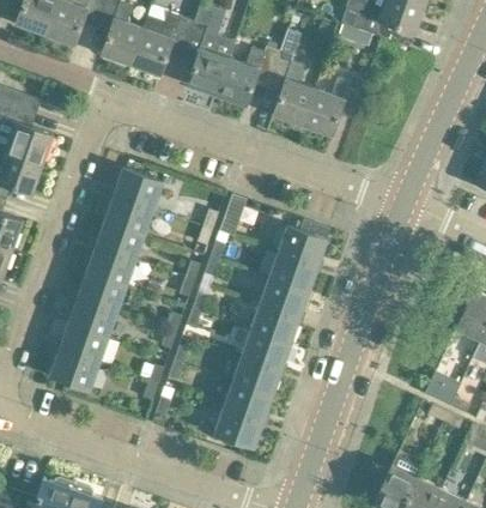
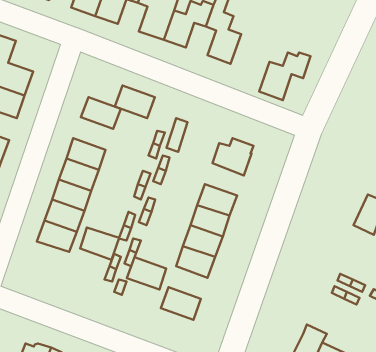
building: [300,78,365,138] -> [259,52,311,100]
building: [103,194,153,235] -> [115,86,155,118]
building: [268,252,317,292] -> none
building: [49,350,98,391] -> [80,227,119,260]
building: [223,381,272,422] -> [127,257,166,290]

